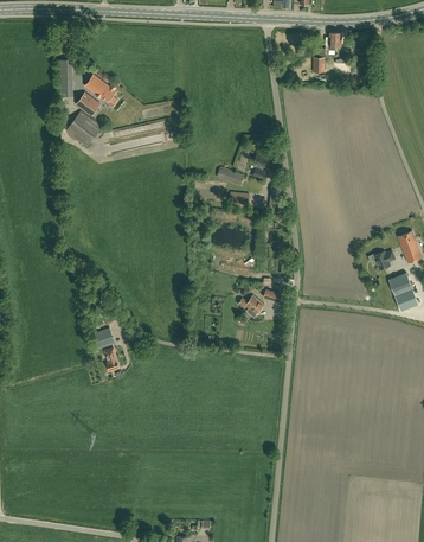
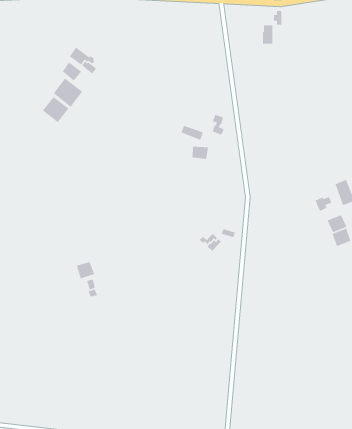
building: none -> [42,96,70,123]

